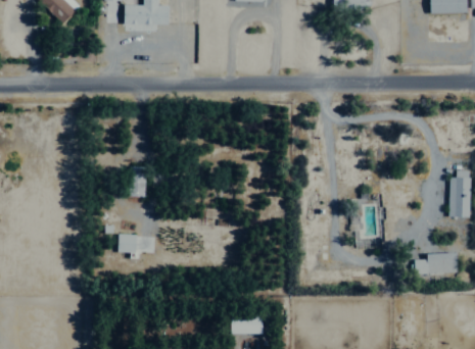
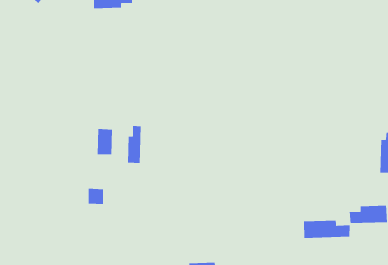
building: none -> [127,125,142,164]
building: none -> [303,220,350,239]

